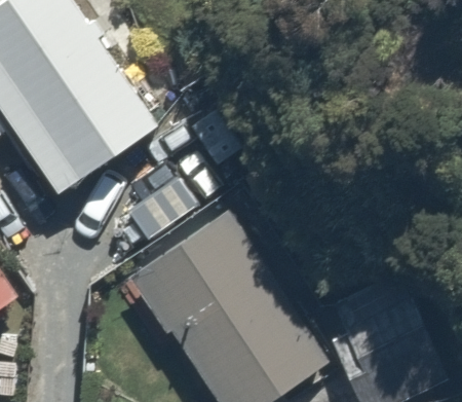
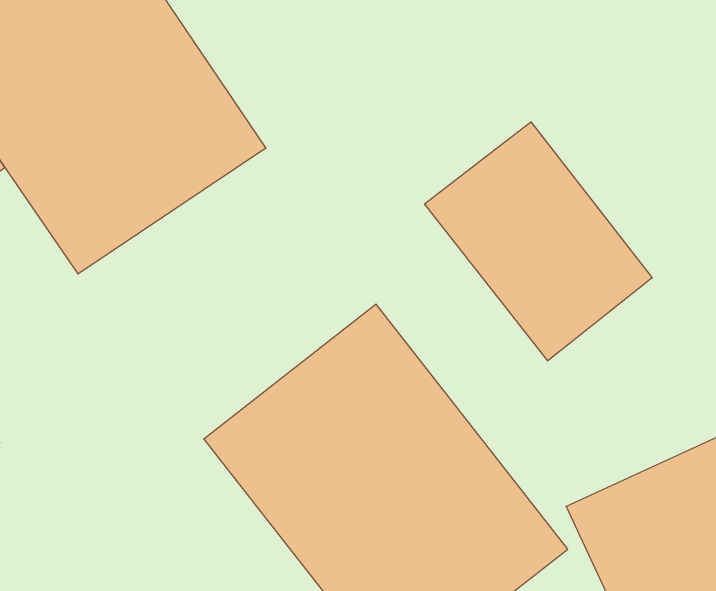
building: none -> [425,122,652,361]

